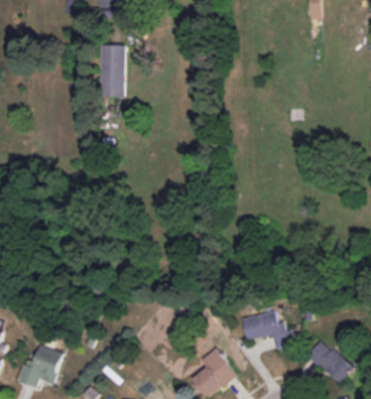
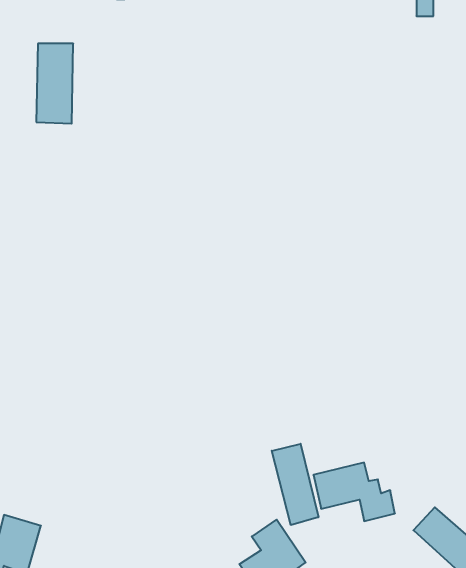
building: [100,45,124,98] -> [36,44,73,124]
building: none -> [272,444,318,525]

